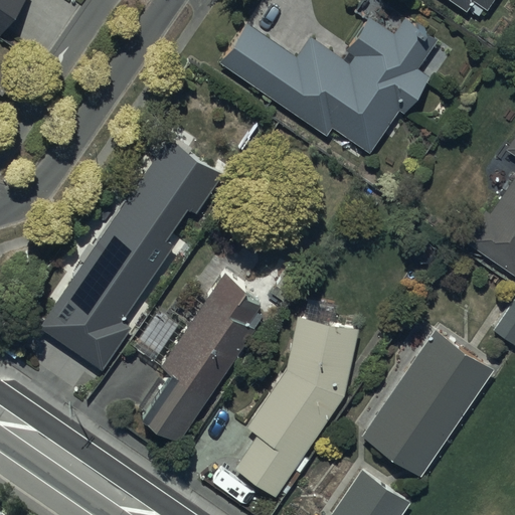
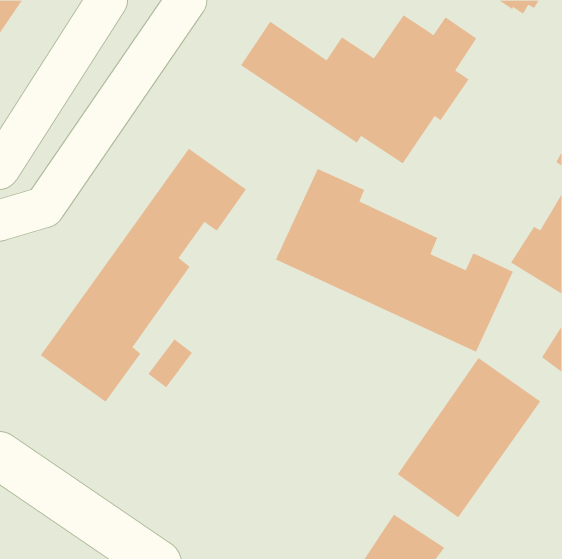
building: none -> [275,168,513,352]
building: [139,274,265,441] -> none
building: [233,299,358,496] -> none

